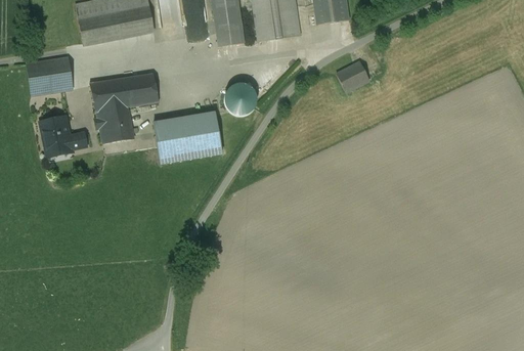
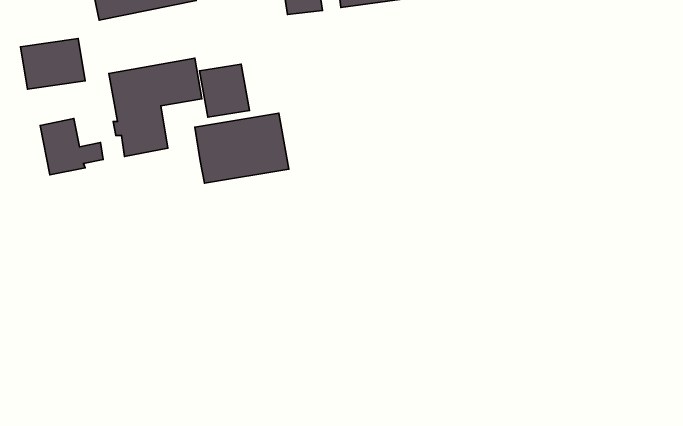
building: [336,62,369,92] -> none
building: none -> [200,64,249,117]
building: [224,84,256,115] -> none

